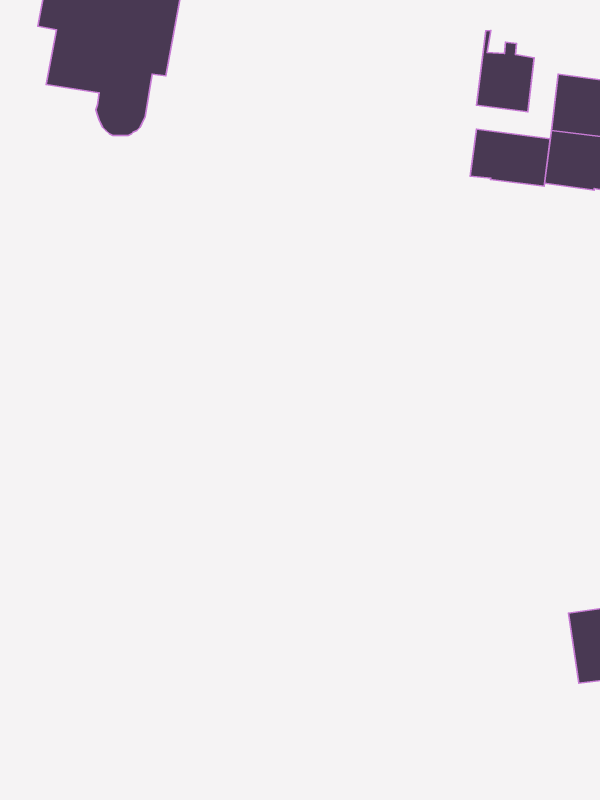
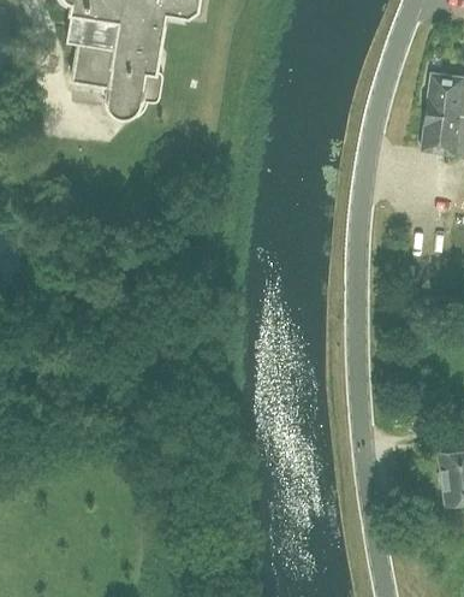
building: [477,30,534,112] -> none
building: [470,129,550,186] -> none

